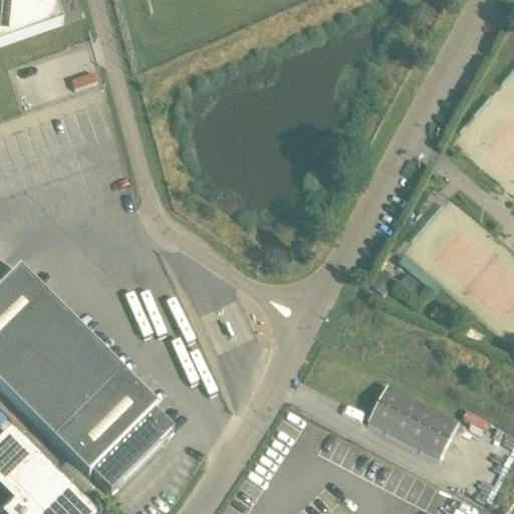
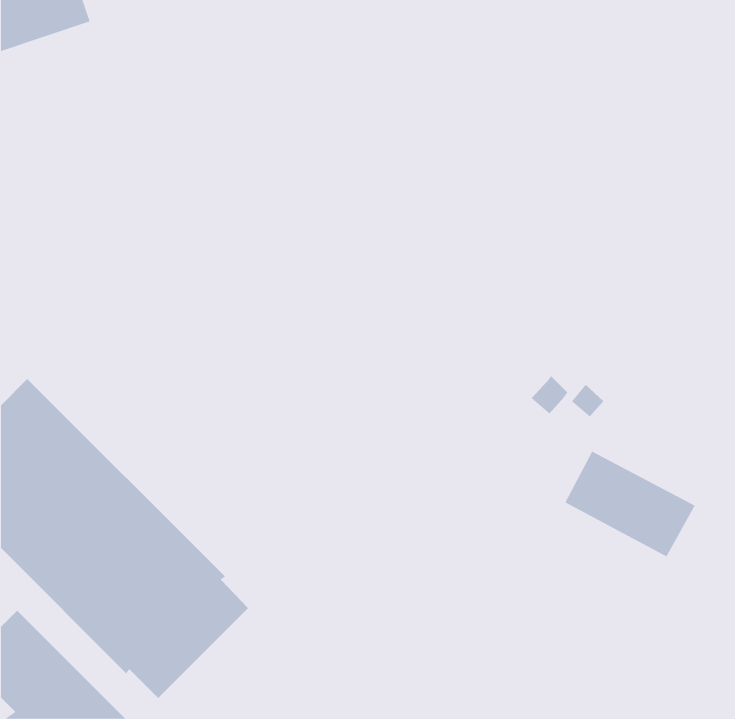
building: [367,380,459,455] -> [565,451,695,557]

